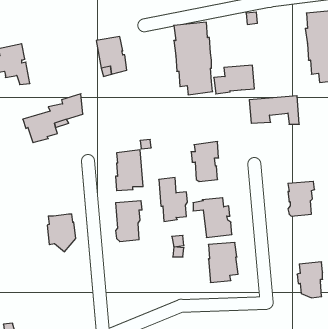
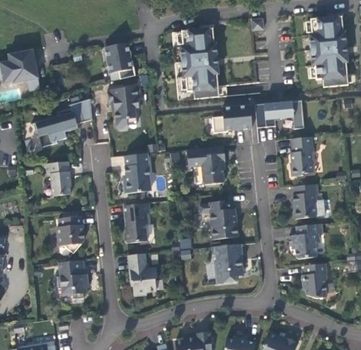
building: [214,65,254,94] -> [212,105,252,133]
building: none -> [107,85,140,128]
building: none -> [291,136,314,176]
building: none -> [46,161,71,196]
building: [159,178,187,221] -> [129,253,157,296]
building: none -> [289,223,323,258]
building: none -> [57,260,88,299]

